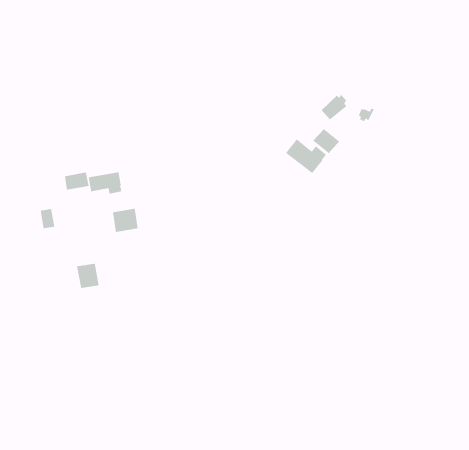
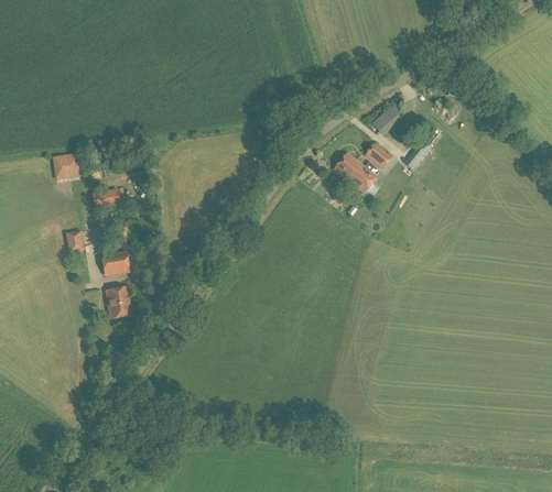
building: none -> [53,153,80,179]
building: [88,172,122,194] -> none
building: [112,208,139,233] -> [101,250,130,276]

